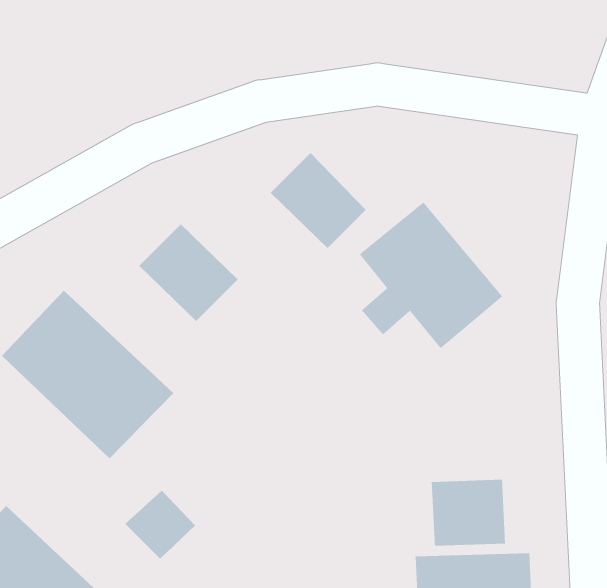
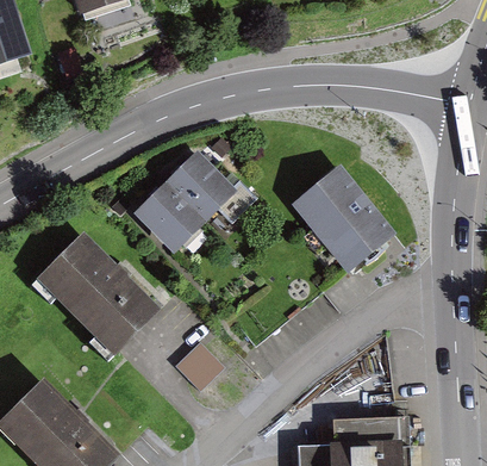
building: [270,152,367,249] -> [168,153,236,220]
building: [431,479,506,547] -> none
building: [125,490,196,559] -> [170,344,220,393]

